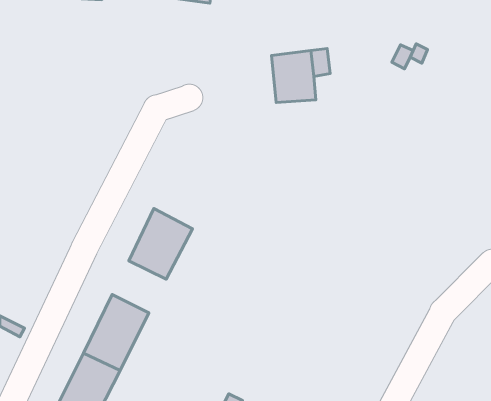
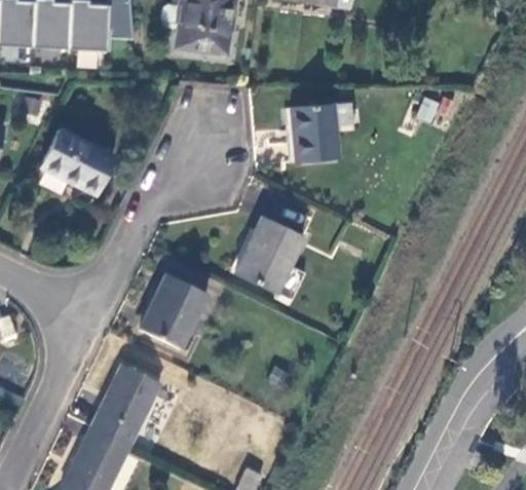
building: none -> [41,129,113,193]
building: none -> [234,217,304,294]

